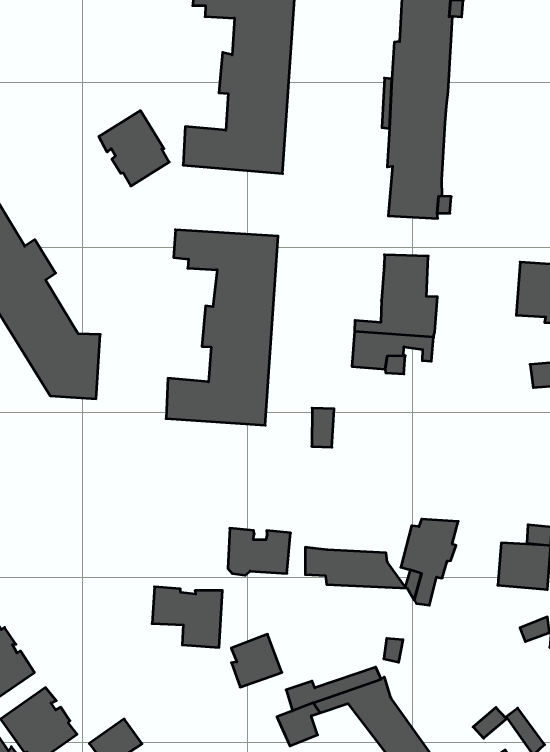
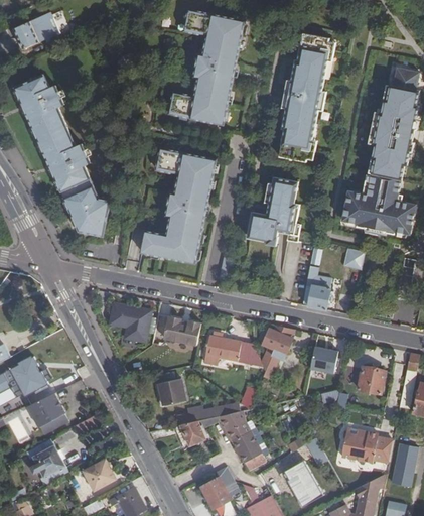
building: [99,111,169,186] -> none
building: none -> [301,266,331,310]
building: [152,587,222,647] -> [110,304,151,343]

